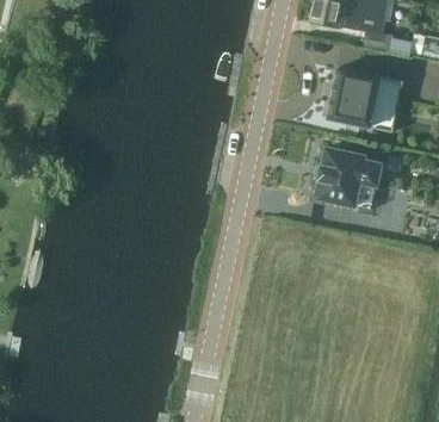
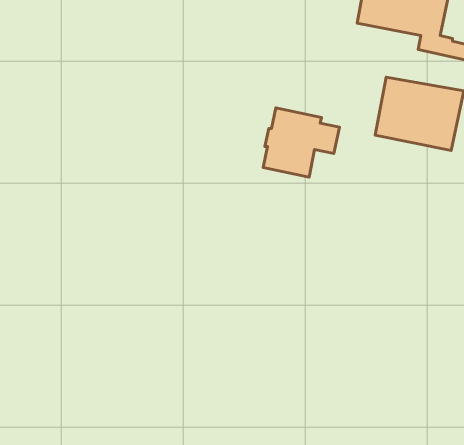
building: [315,149,381,209] -> [263,108,340,177]

